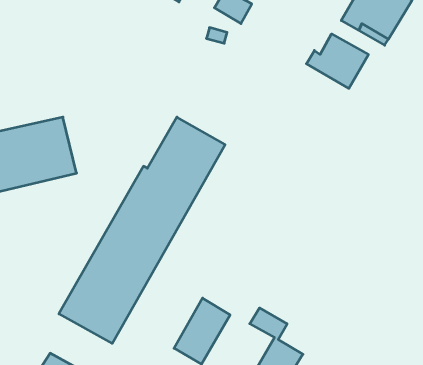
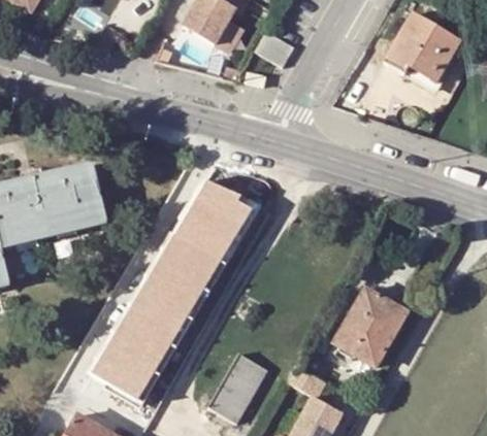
building: [306,34,368,88] -> none
building: none -> [332,288,405,367]

